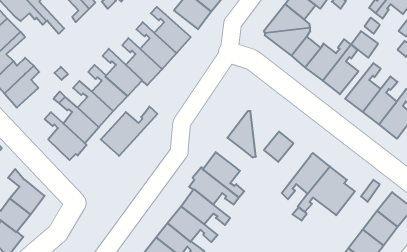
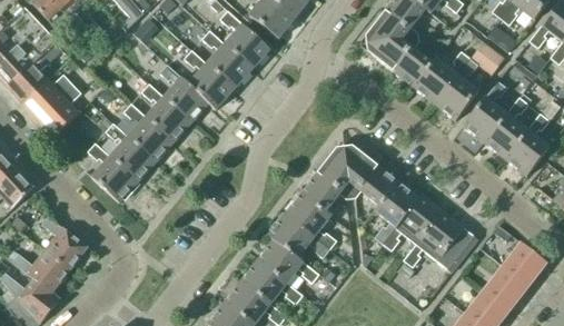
building: [101,106,157,156] -> none
building: none -> [344,141,379,198]
building: none -> [300,175,339,211]
building: none -> [374,181,418,244]

